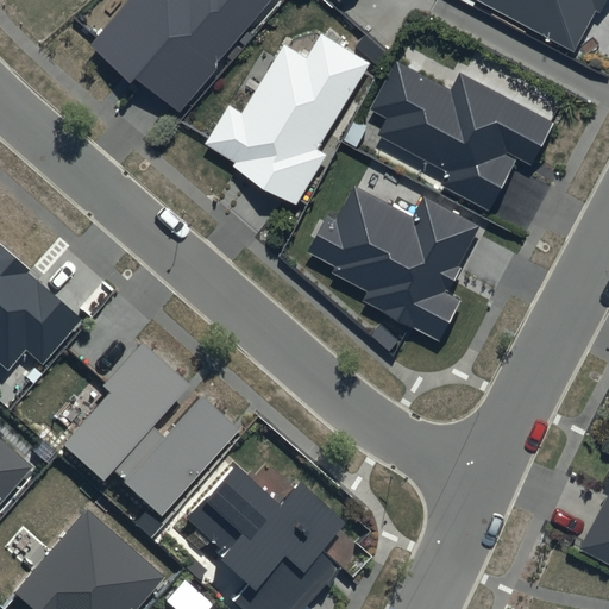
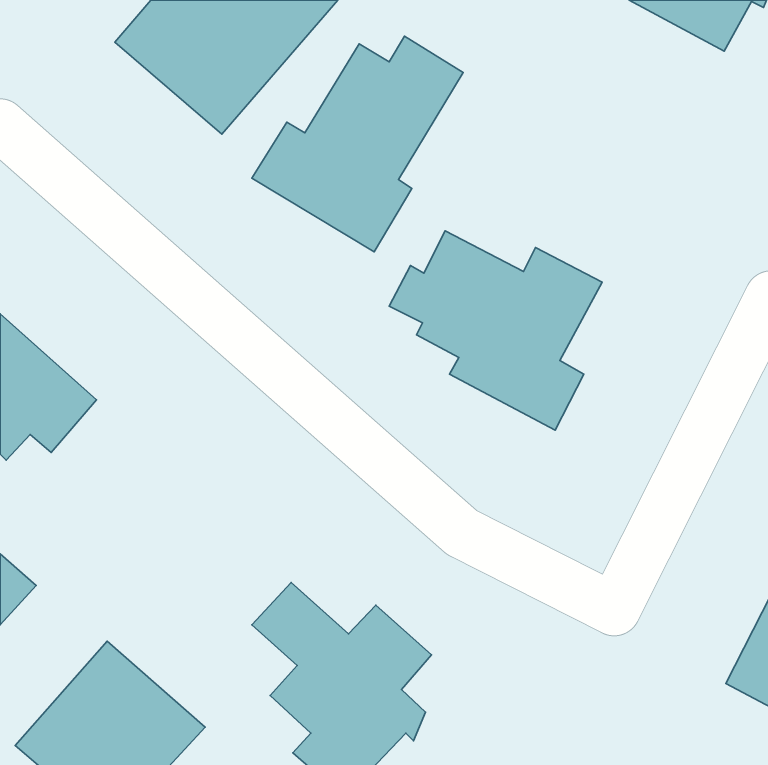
building: [371,61,555,211] -> none
building: [61,340,237,513] -> none

